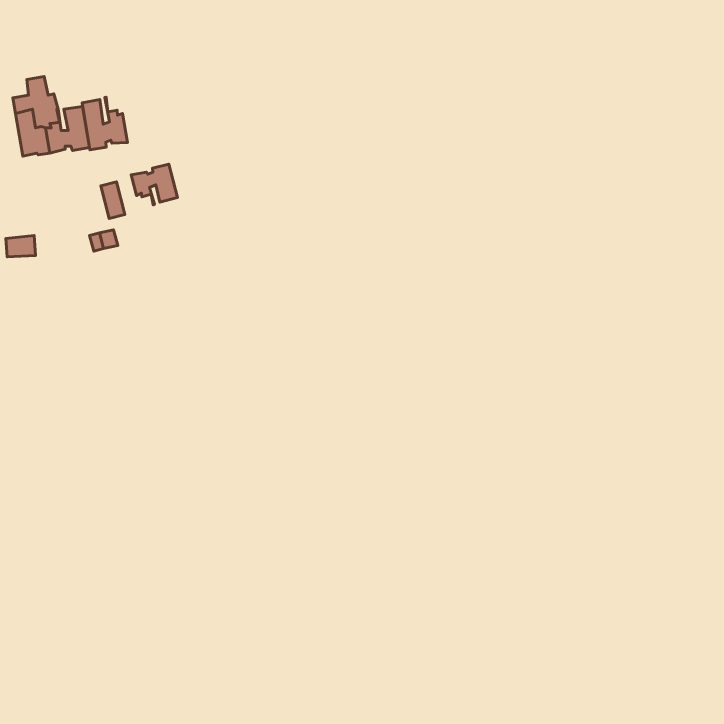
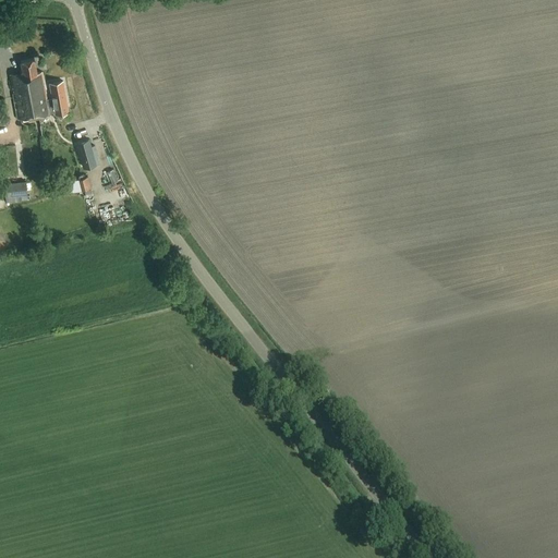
building: [82,97,127,150] -> none
building: [131,164,177,205] -> none

